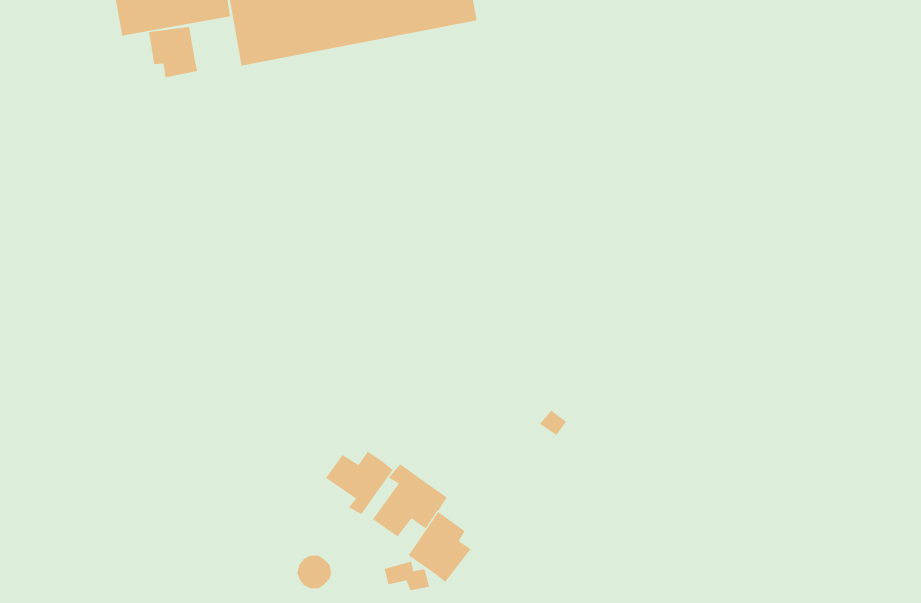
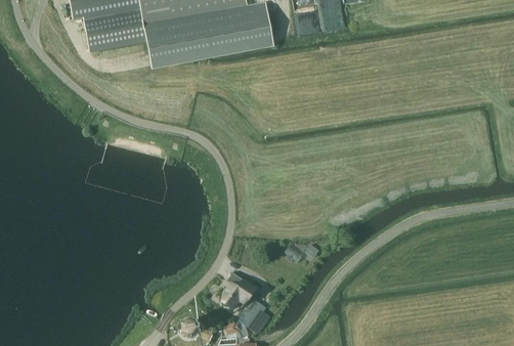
building: [148,26,198,78] -> none
building: [325,451,394,515] -> none

